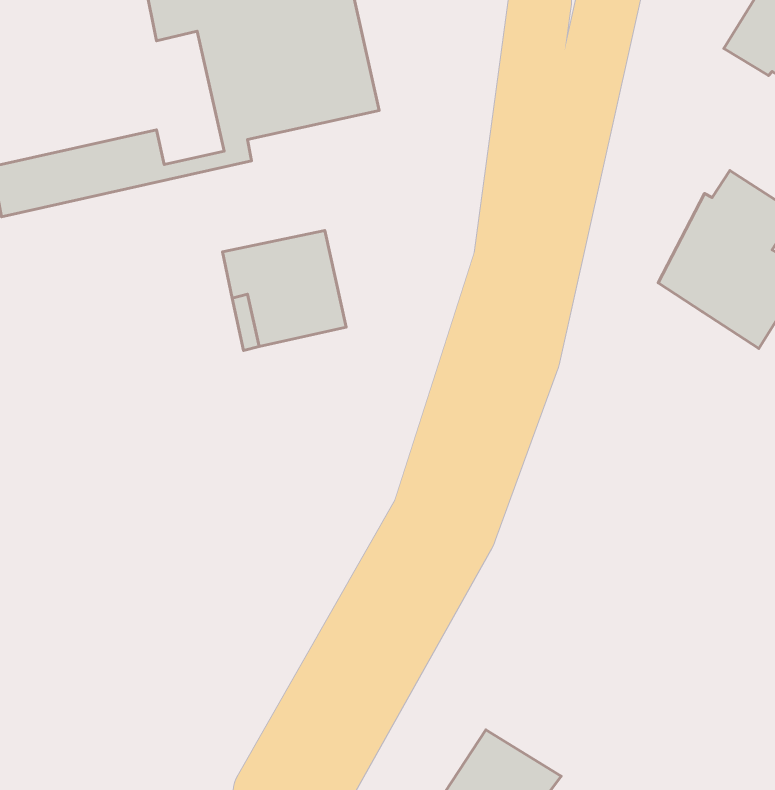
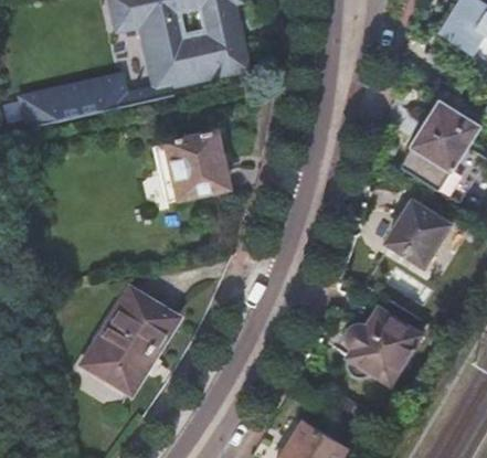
building: none -> [388,199,453,265]
building: none -> [86,290,173,395]
building: none -> [345,307,420,382]

